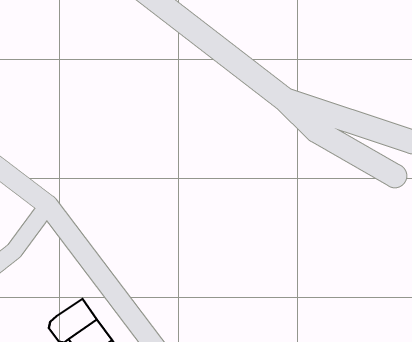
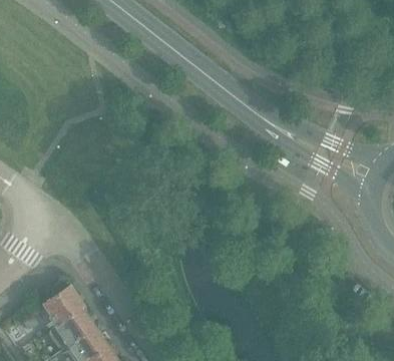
building: none -> [41,286,82,324]

